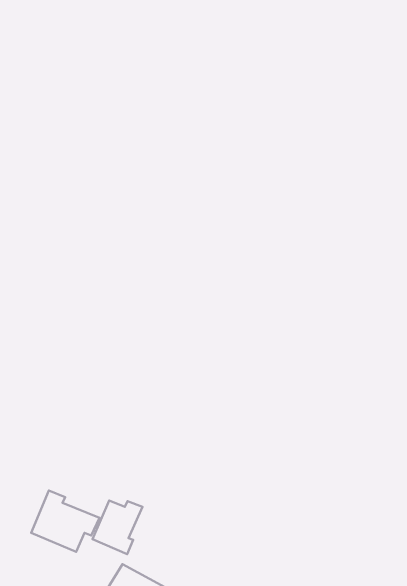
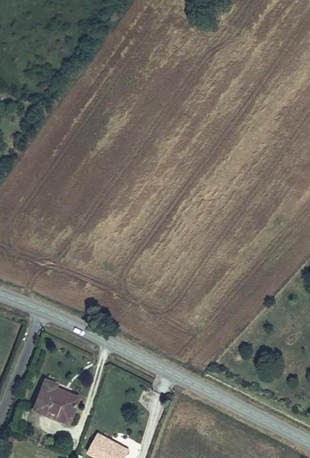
building: [93,500,142,554] -> none

